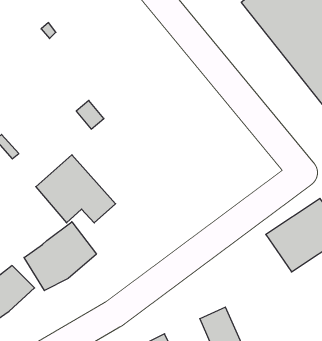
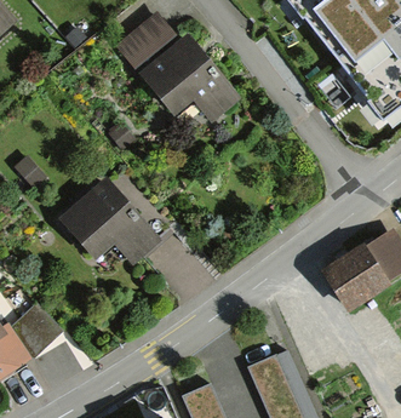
building: none -> [115,10,178,69]
building: none -> [139,32,245,122]
building: [24,222,96,291] -> none

